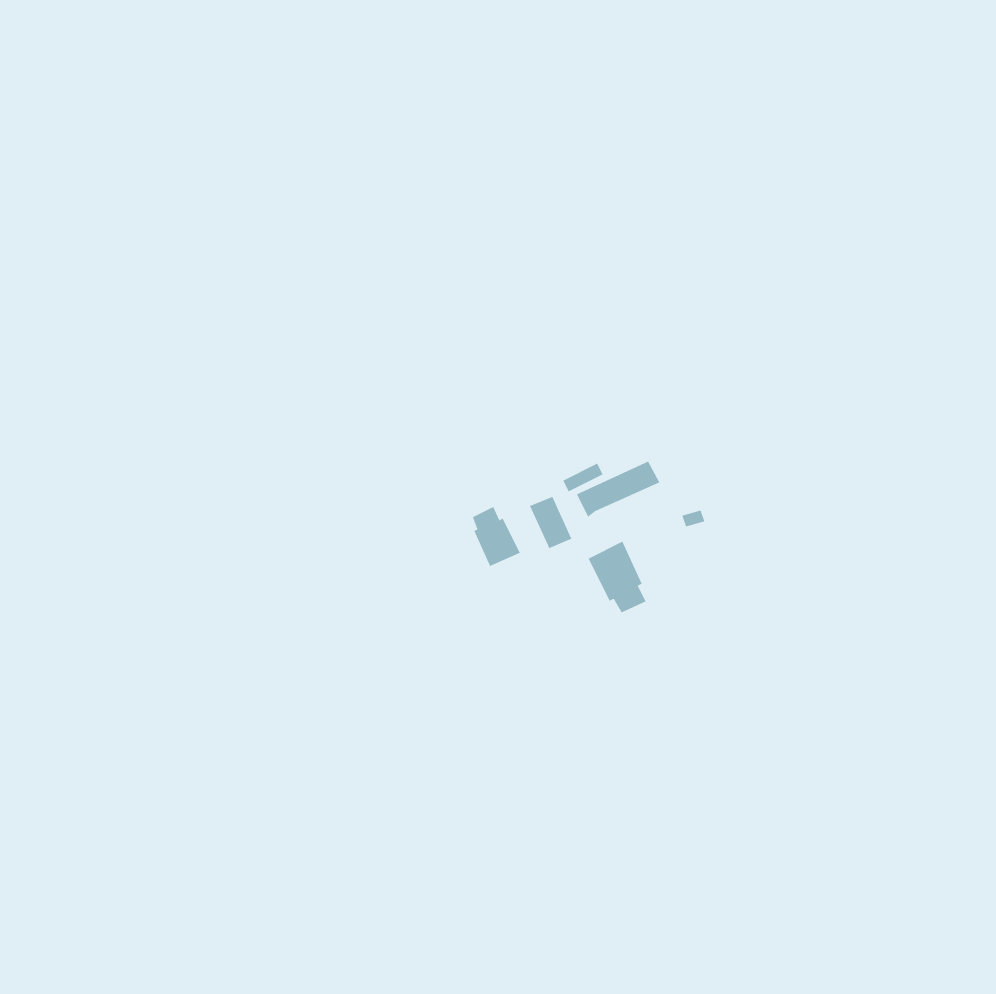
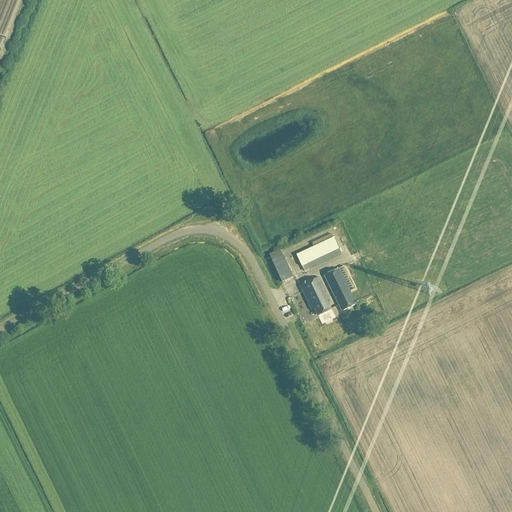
building: [472,506,520,567] -> none
building: none -> [324,267,358,310]

